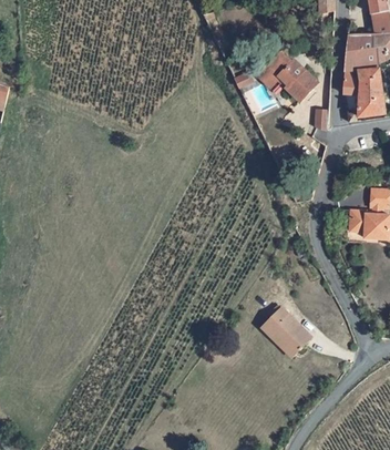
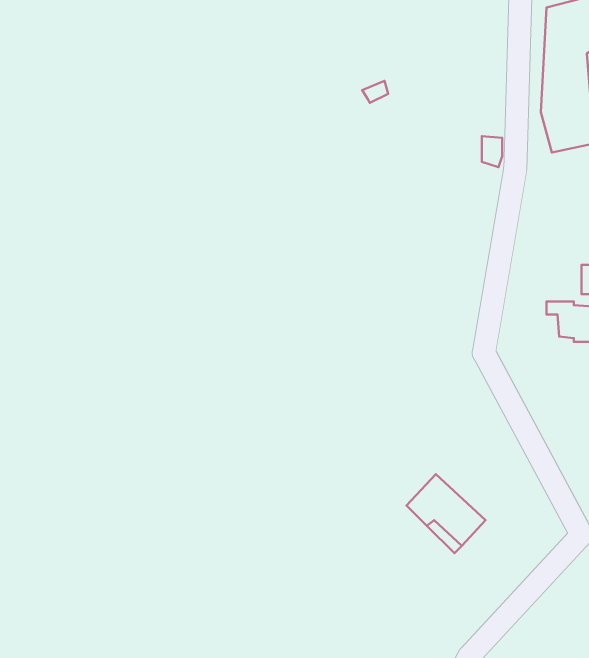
building: [259,58,320,105] -> none

